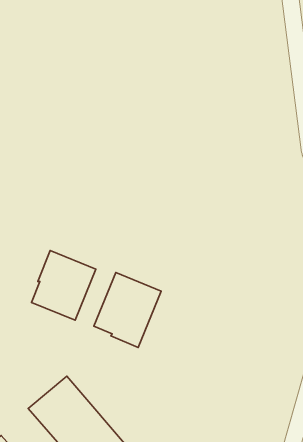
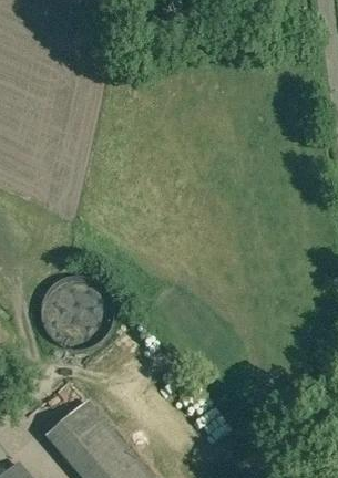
building: [94,273,161,347] -> none

